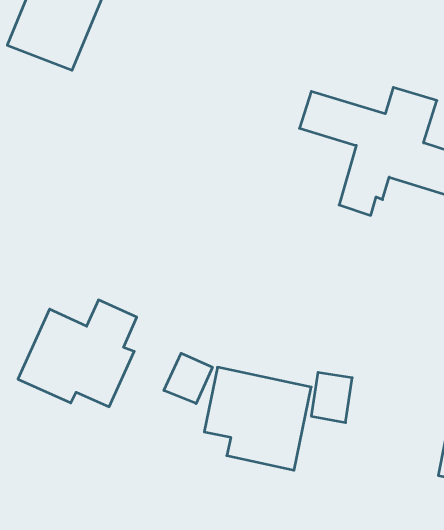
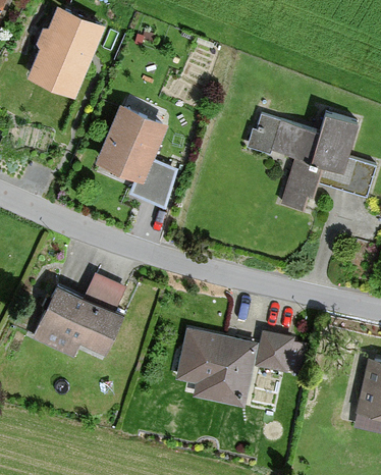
building: none -> [95,103,177,208]
building: [164,353,212,404] -> none

